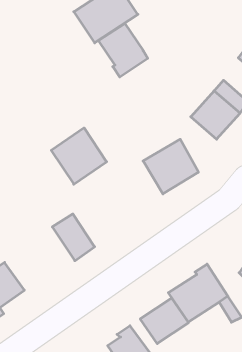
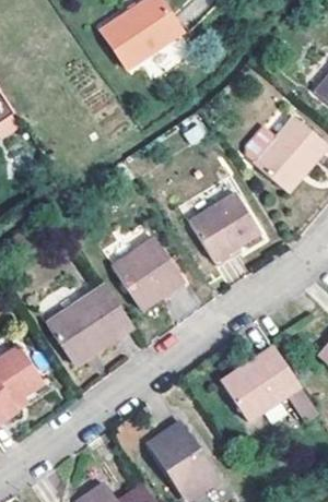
building: [98,24,148,77] -> none
building: [51,128,107,184] -> [113,237,183,308]
building: none -> [45,301,107,361]
building: [140,298,188,344] -> none

